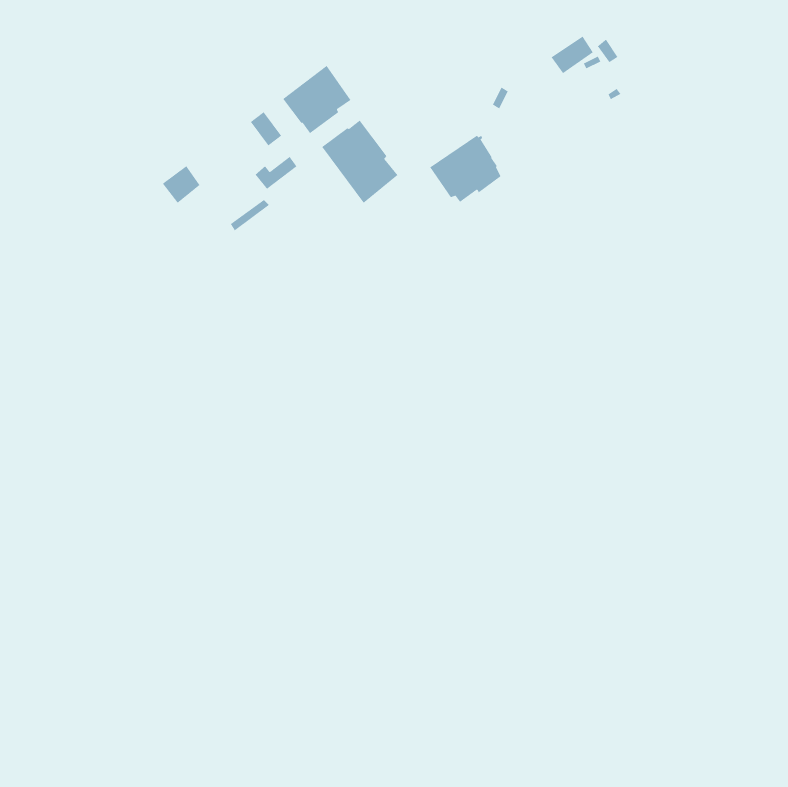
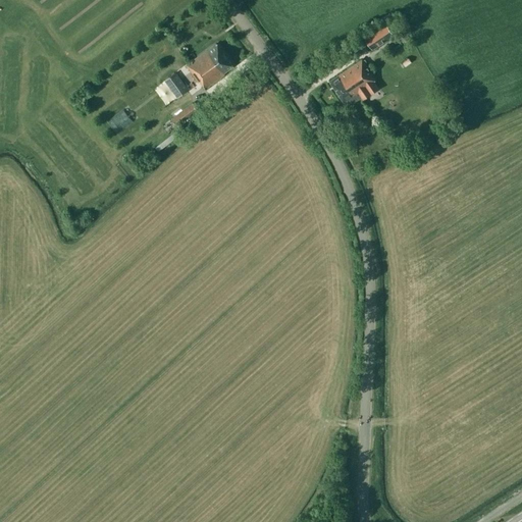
building: [321,120,399,204] -> none
building: [429,135,502,203] -> [329,61,377,106]

